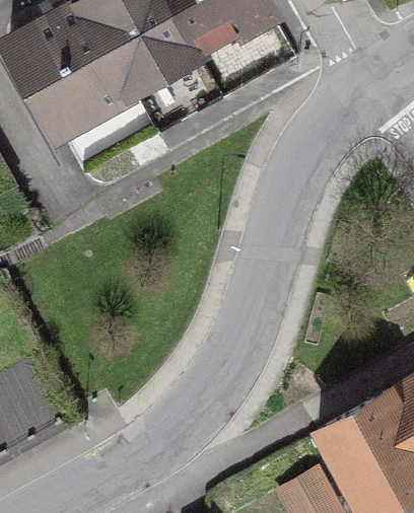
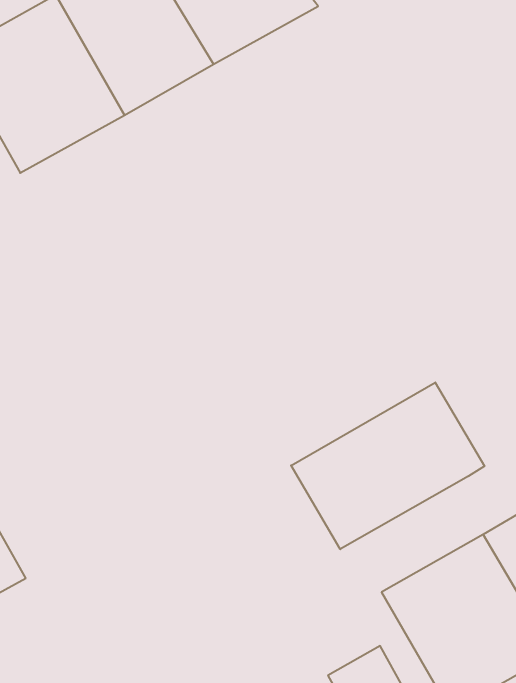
building: none -> [291,382,484,549]

